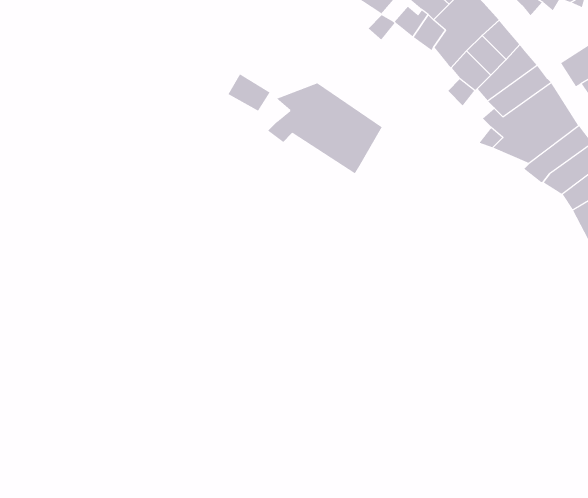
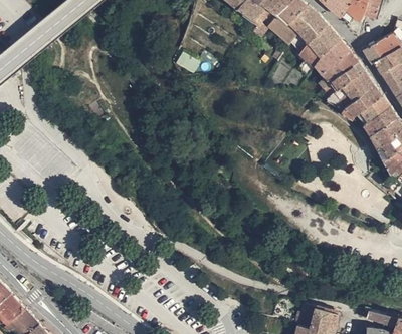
building: [267,82,383,174] -> none

